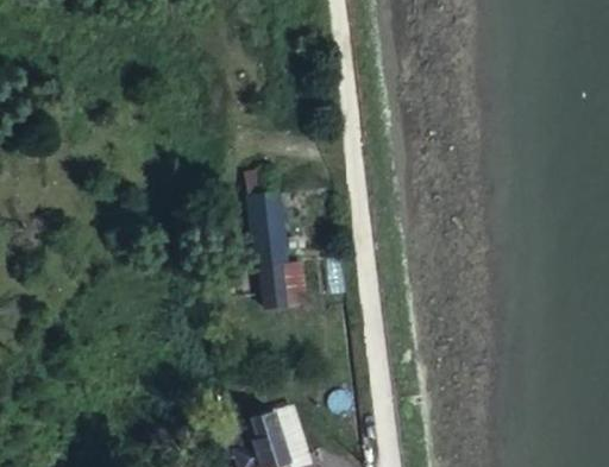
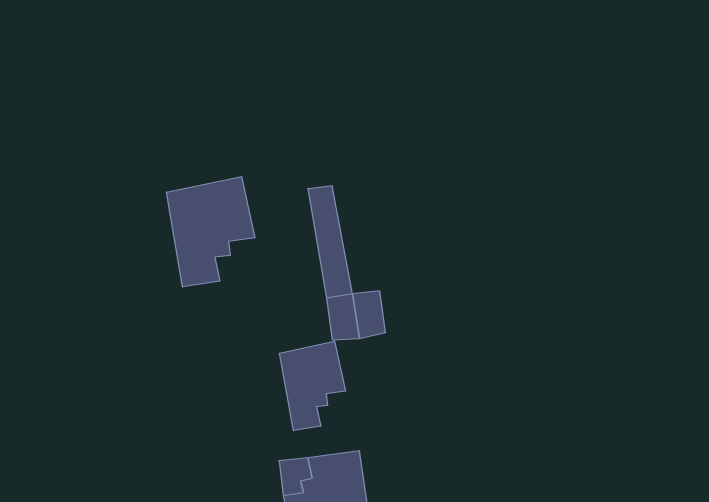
building: none -> [166,177,255,287]
building: none -> [279,341,346,431]

